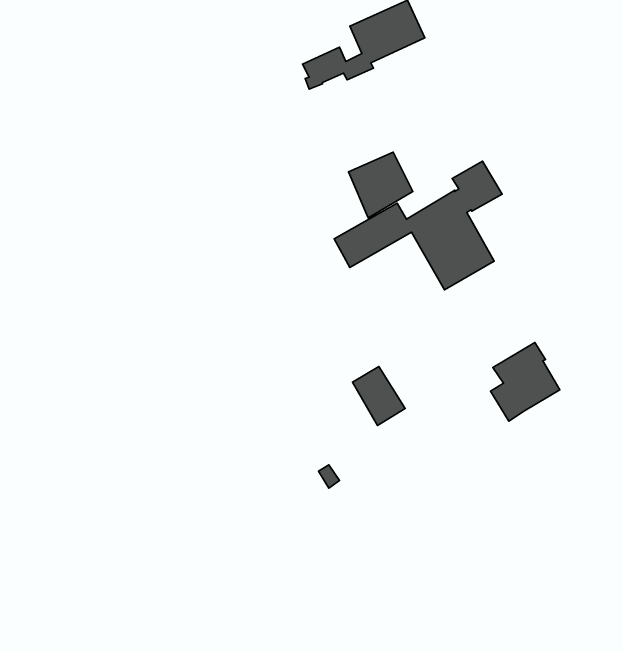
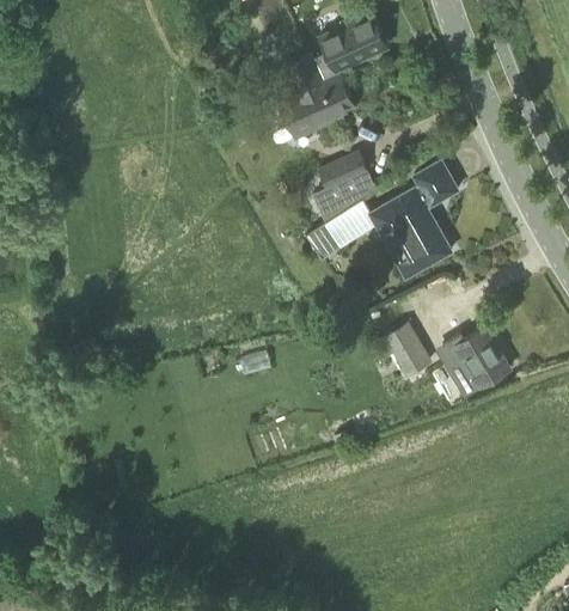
building: none -> [275,75,354,140]
building: [353,366,405,426] -> [384,324,432,378]

